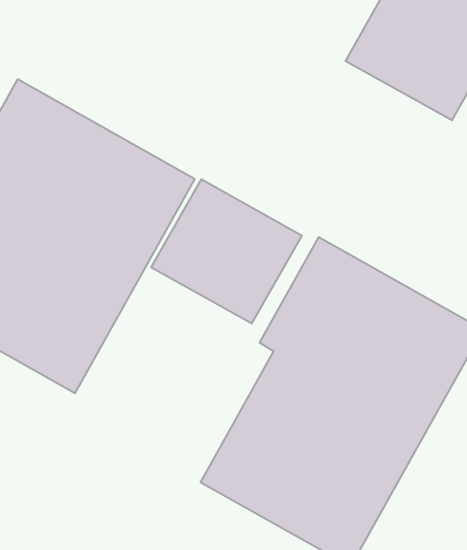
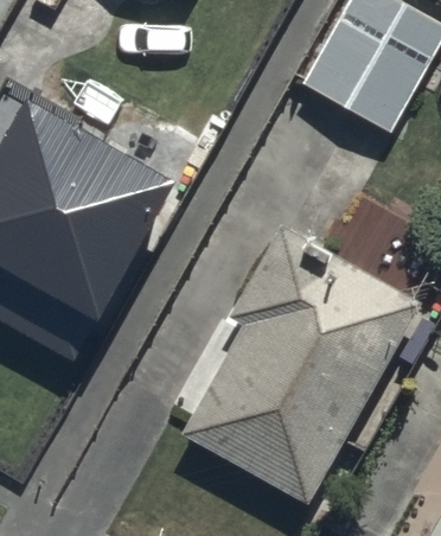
building: [151,179,302,324] -> none

